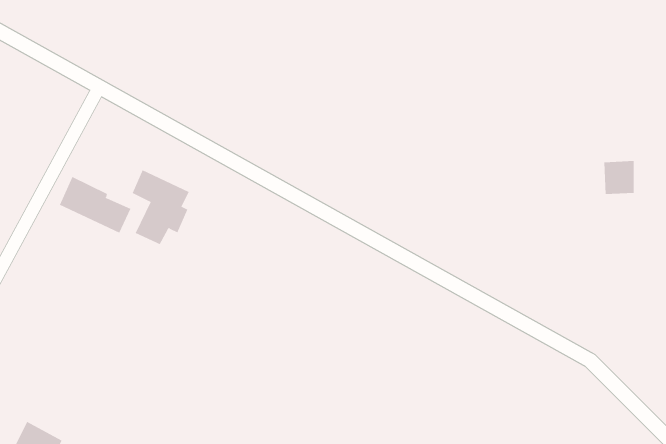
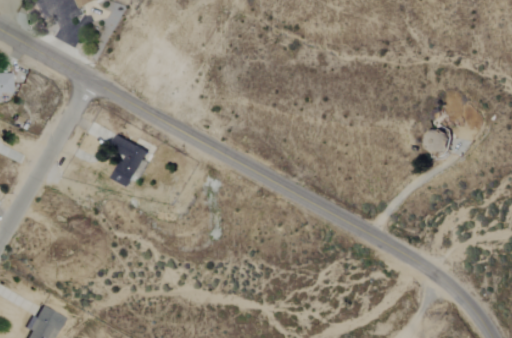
building: [59,176,131,233] -> none

